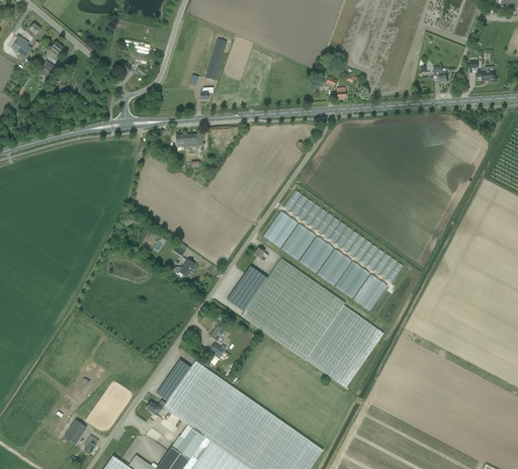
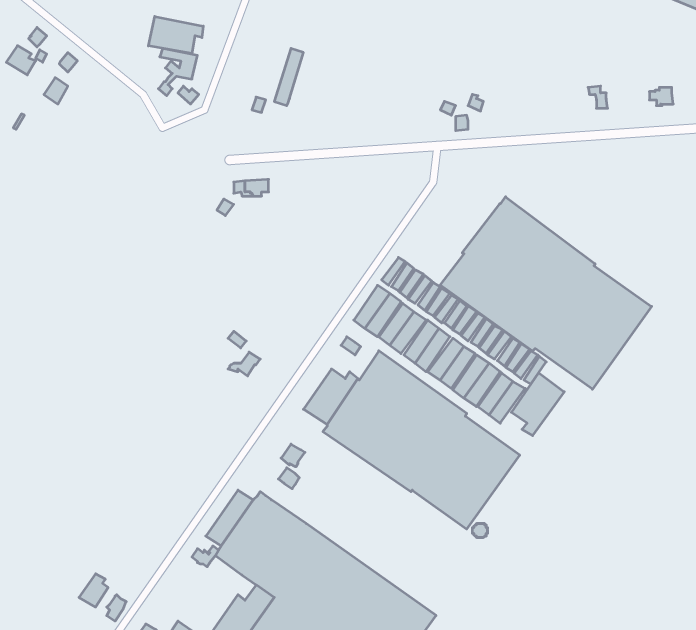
building: none -> [148,16,203,54]
building: none -> [440,197,652,389]
building: none -> [511,373,564,436]

